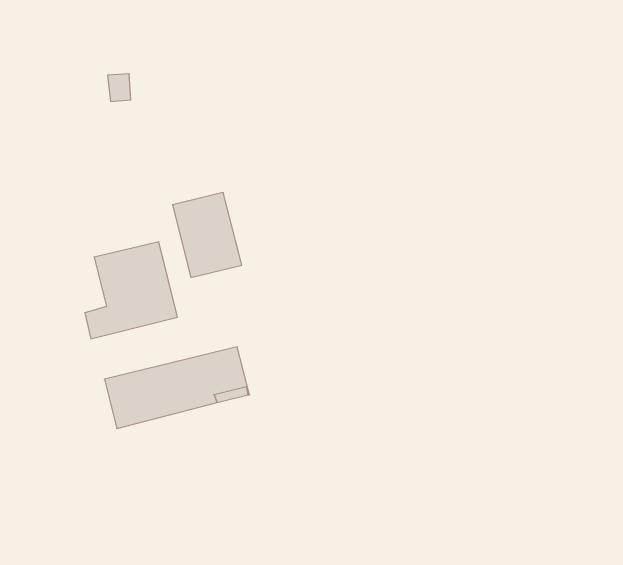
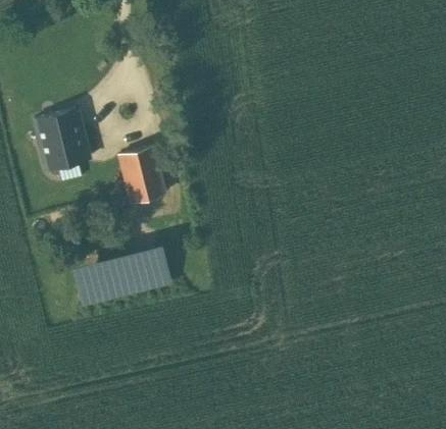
building: [85,242,177,339] -> [29,110,90,174]

